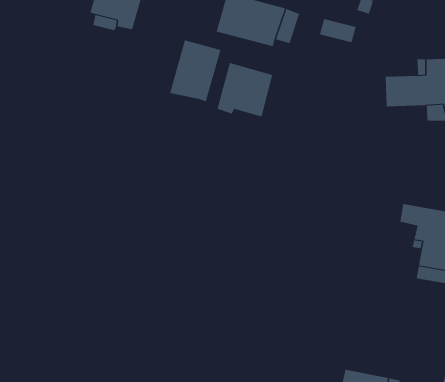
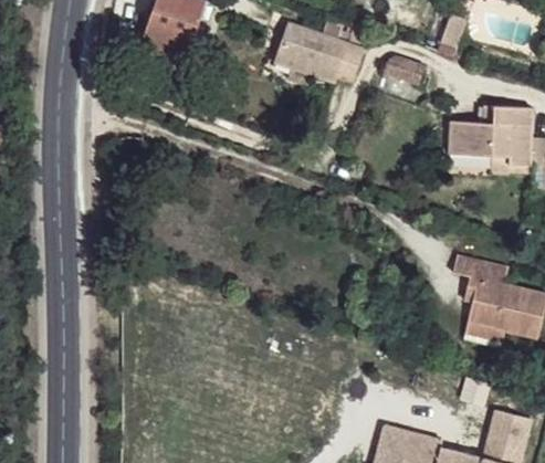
building: [170,40,221,102] -> none
building: [217,62,273,117] -> none

